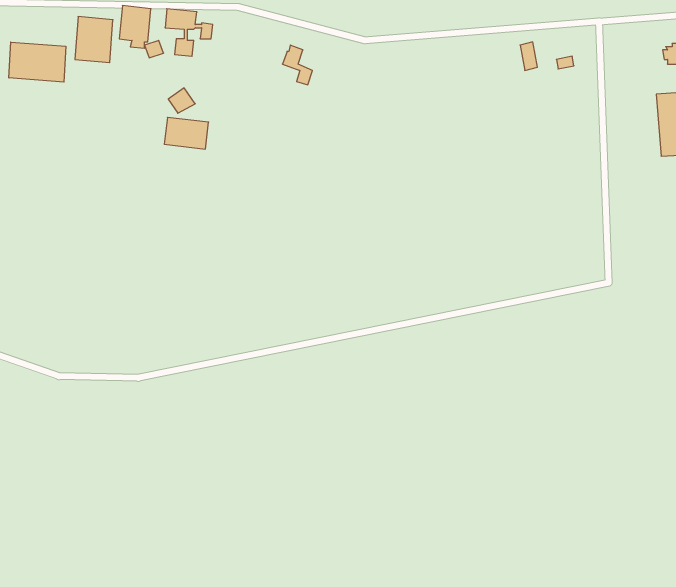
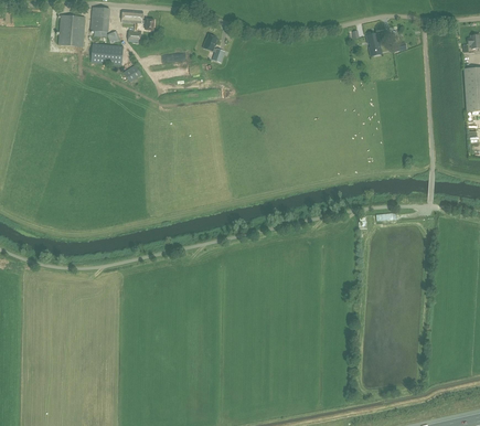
building: [9,42,66,82] -> none
building: [164,117,209,149] -> [92,43,122,65]

